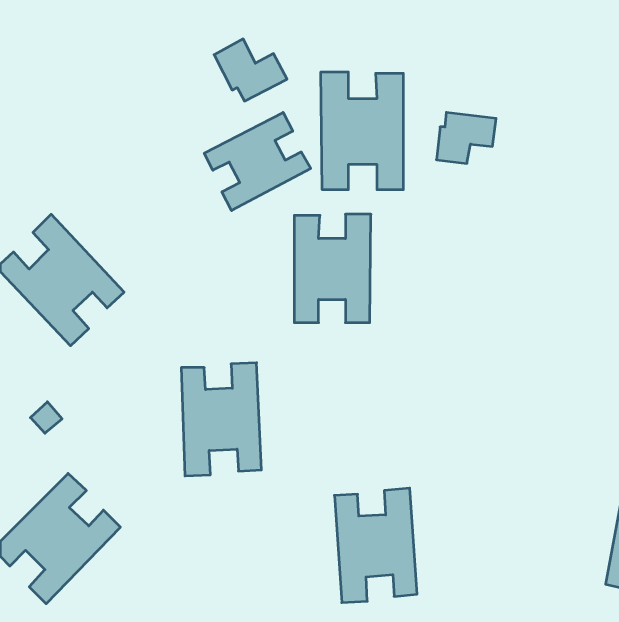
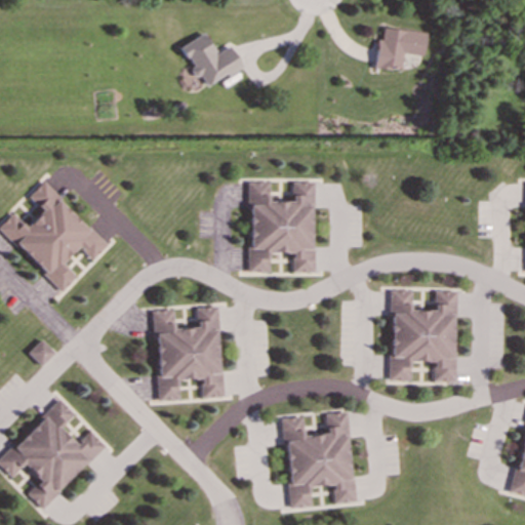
building: [321,72,403,190] -> none
building: [436,112,496,163] -> [376,27,427,70]
building: [204,112,311,211] -> none
building: none -> [390,288,456,381]

